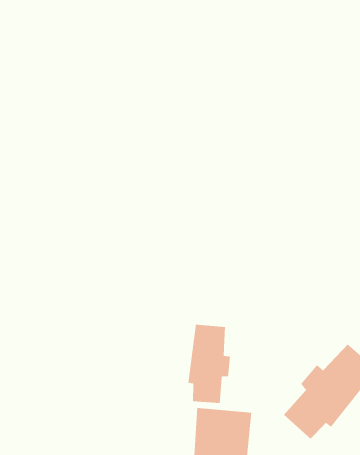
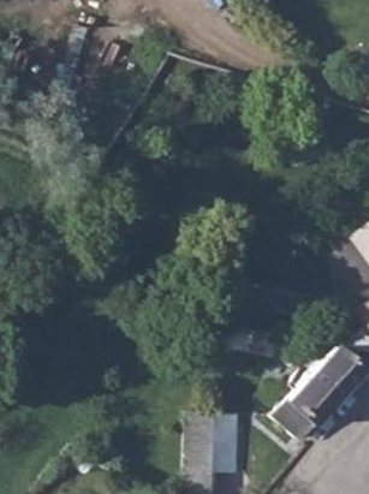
building: [187,324,231,404] -> none

